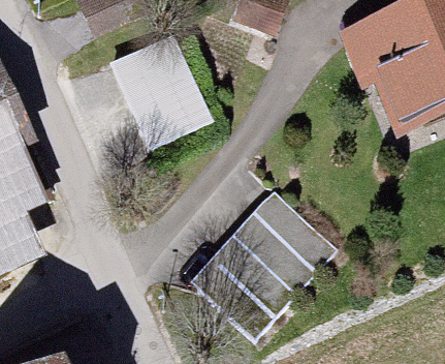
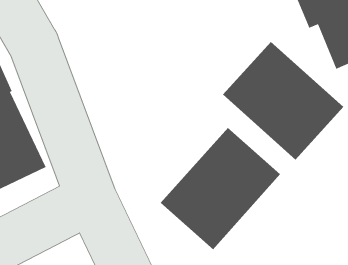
building: [109,41,204,148] -> none
building: none -> [222,41,344,160]

